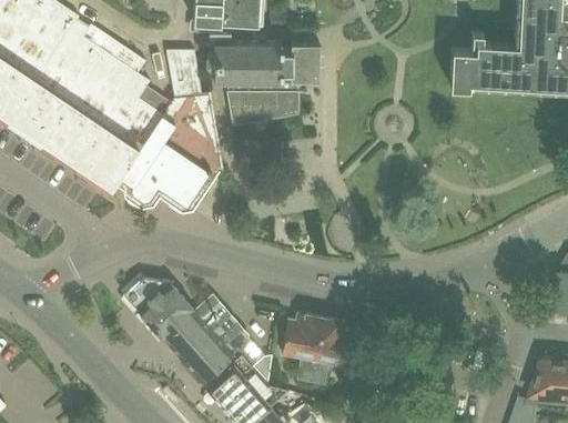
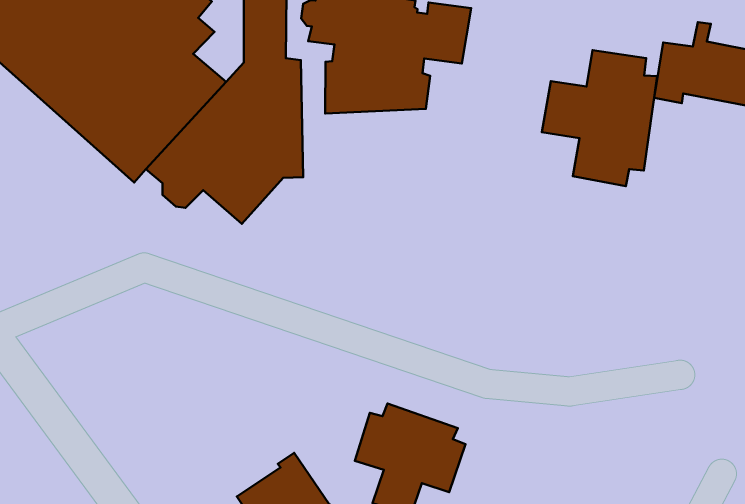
building: none -> [542,50,657,186]
building: [125,279,265,384] -> none

